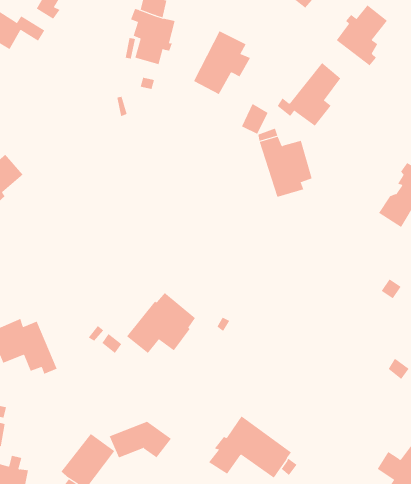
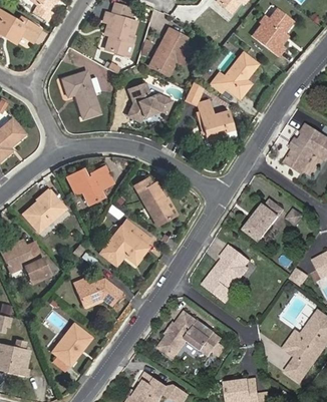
building: none -> [62,70,101,118]
building: none -> [127,80,174,118]
building: none -> [66,164,114,204]
building: none -> [133,176,177,226]
building: none -> [23,189,66,232]
building: none -> [244,198,284,242]
building: none -> [203,245,250,302]
building: [109,421,172,458] -> [76,278,122,305]

